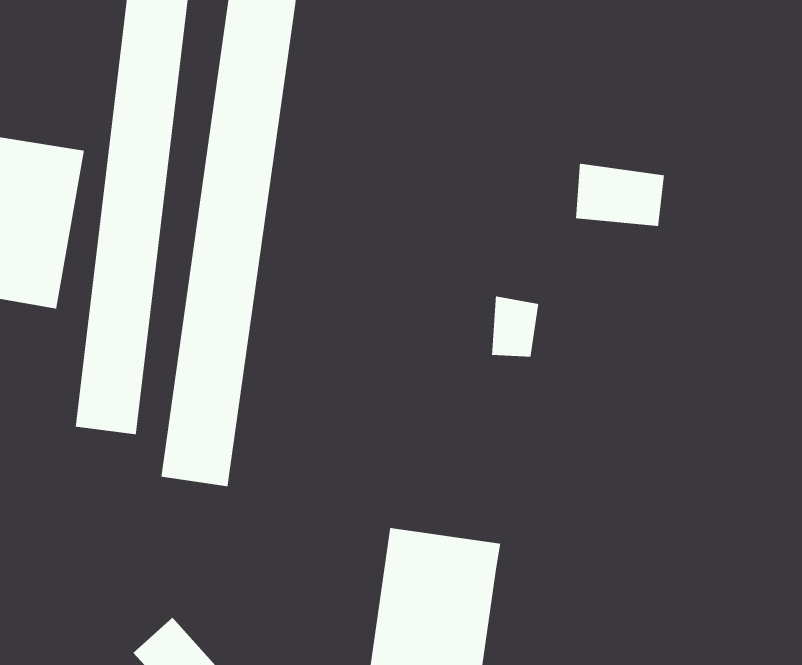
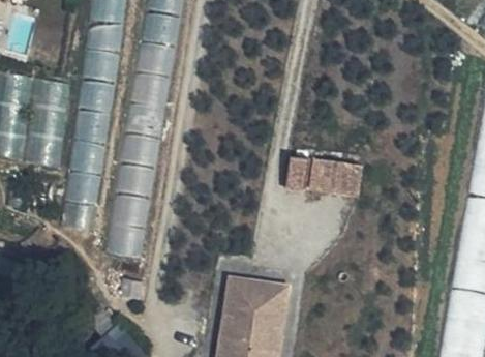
building: [575,163,665,227] -> [309,160,356,194]

